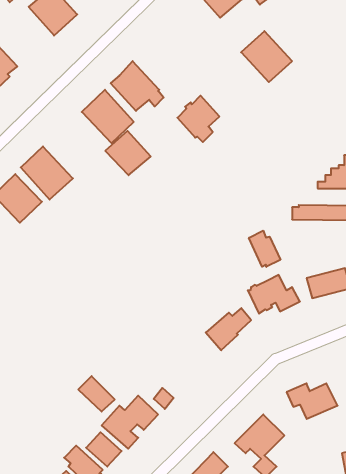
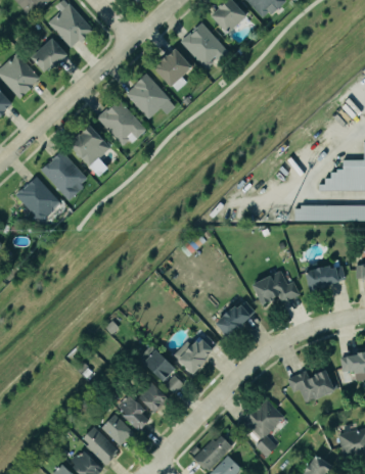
building: none -> [31,38,67,72]
building: [241,31,292,82] -> [181,22,228,69]
building: [177,96,219,142] -> [153,48,192,91]
building: [105,131,151,175] -> [67,125,109,165]
building: [249,231,280,267] -> none
building: none -> [173,331,217,374]
building: [78,376,115,412] -> [141,345,175,378]

